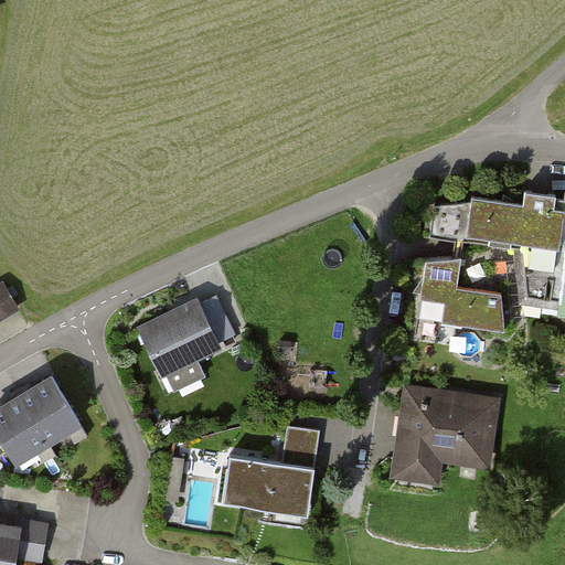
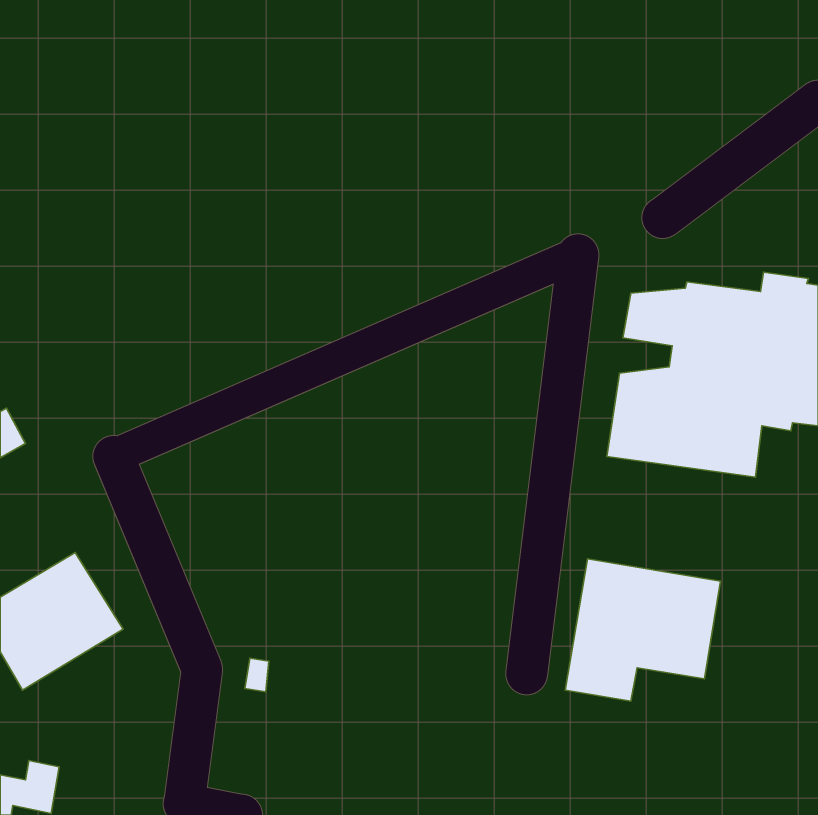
building: [135,295,237,393] -> none
building: [222,428,318,514] -> none

